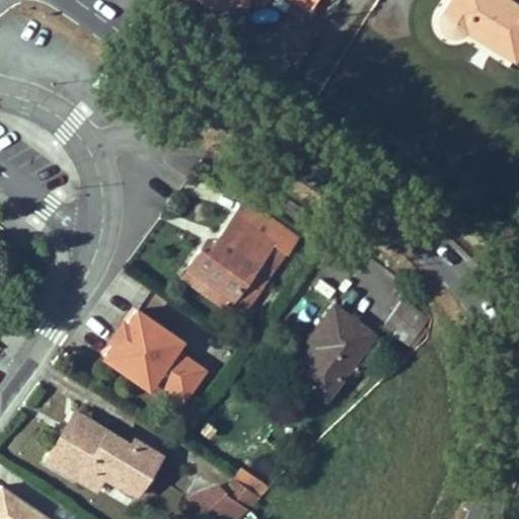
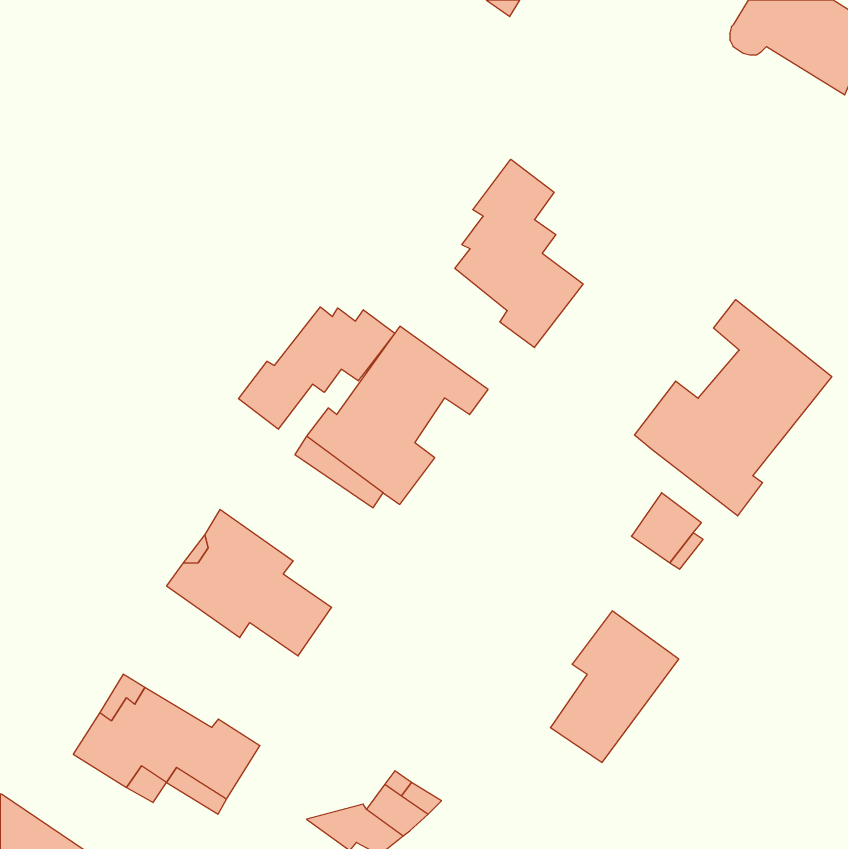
building: none -> [455,159,583,348]
building: none -> [634,300,832,516]
building: none -> [239,307,395,429]
building: [296,306,374,398] -> [550,611,679,762]

